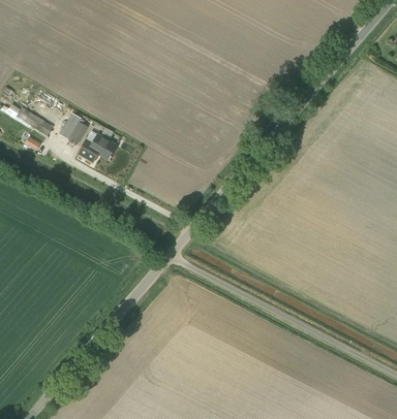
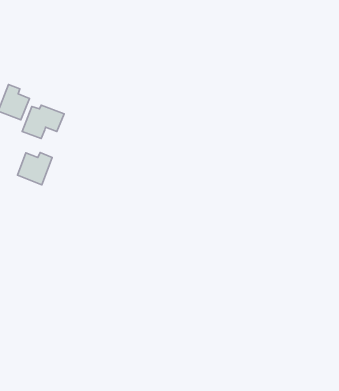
building: none -> [18,153,52,185]

